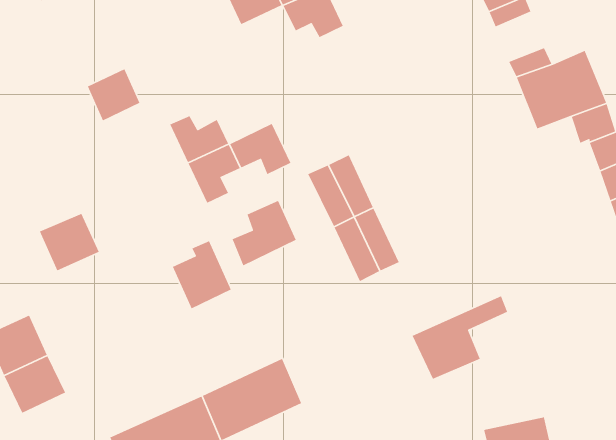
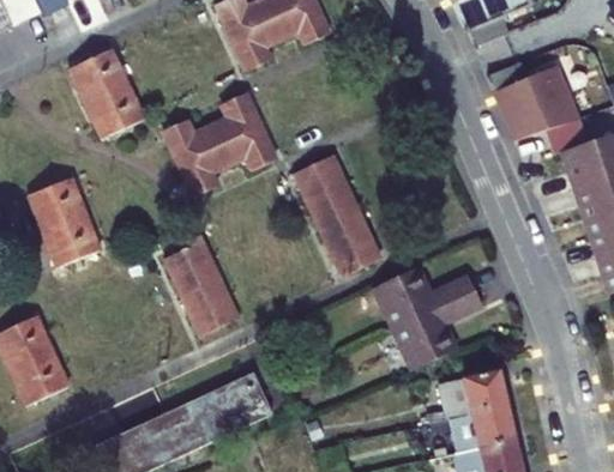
building: none -> [233,24,283,78]
building: none -> [76,48,126,98]
building: none -> [211,96,261,151]
building: none -> [31,180,86,231]
building: [231,200,297,267] -> none
building: none -> [372,266,472,327]
building: none -> [187,285,241,343]
building: none -> [435,365,512,417]

